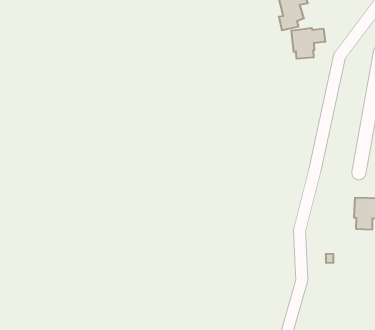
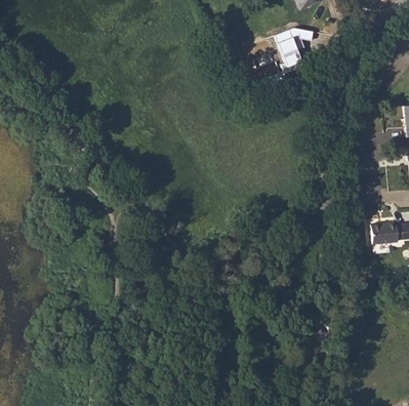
building: [292,28,325,59] -> none

